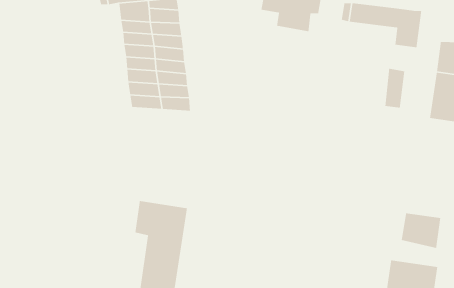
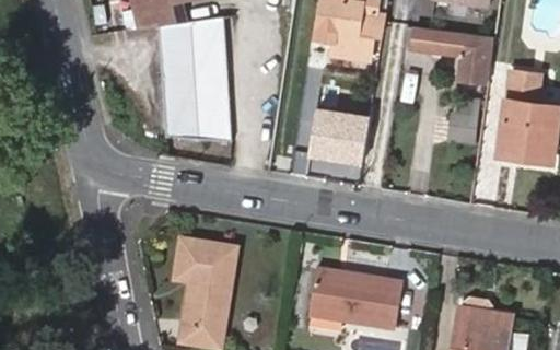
building: none -> [306,108,366,164]
building: [401,212,441,249] -> none
building: none -> [308,271,398,332]

